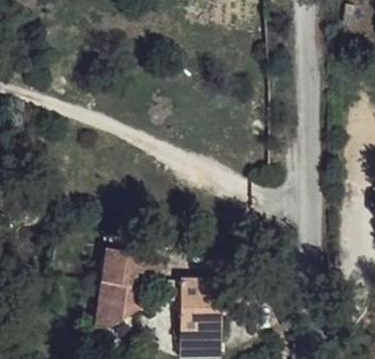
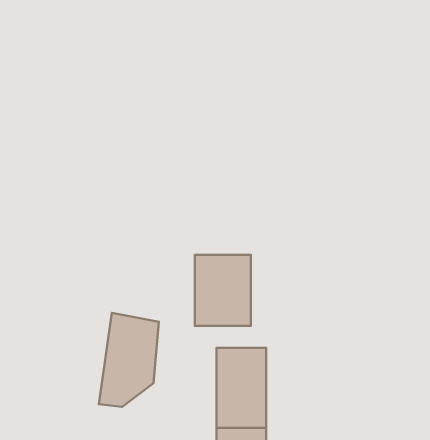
building: none -> [195,255,251,326]

